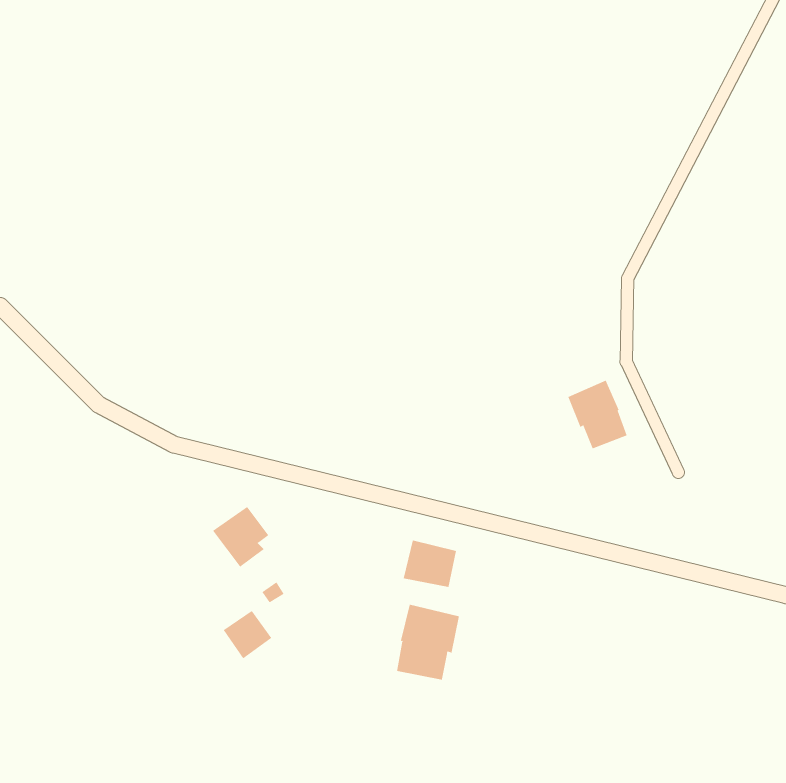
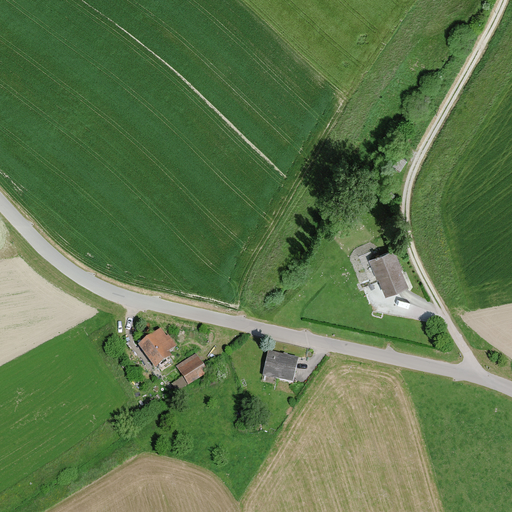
building: [397,604,459,680] -> none
building: [223,610,272,659] -> [175,354,207,386]

